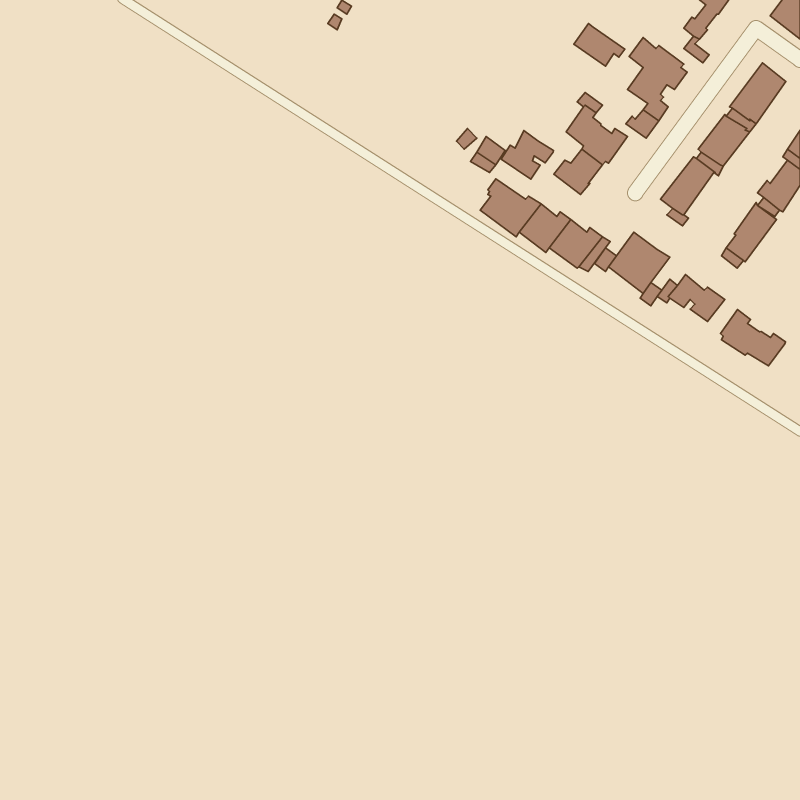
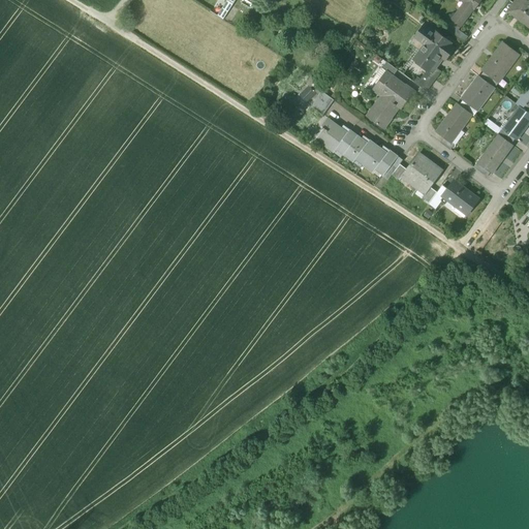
building: [574,23,625,66] -> none
building: [501,131,554,179] -> none
building: [720,310,786,366] -> none

